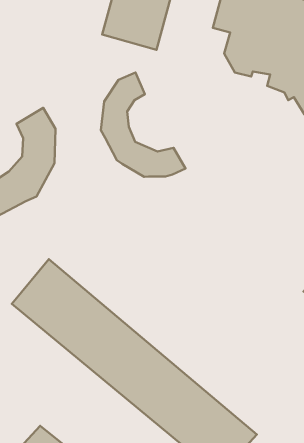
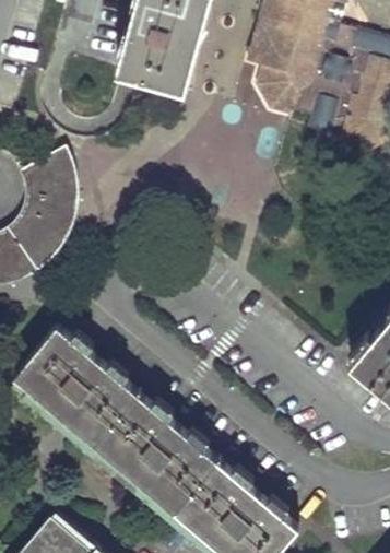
building: [101,72,185,177] -> none

